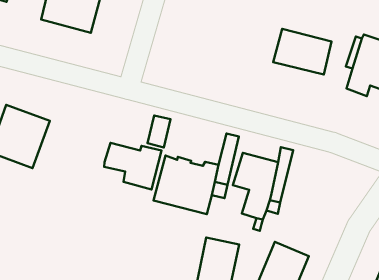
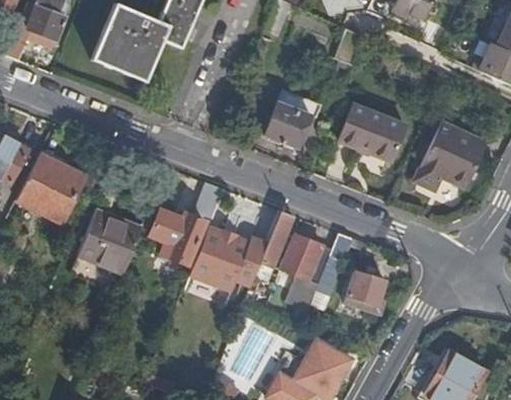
building: none -> [263,89,321,149]
building: none -> [78,208,142,273]
building: none -> [343,272,387,316]

